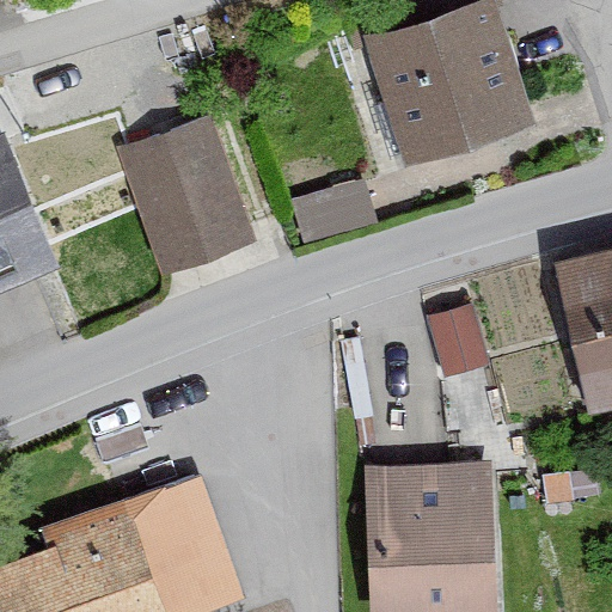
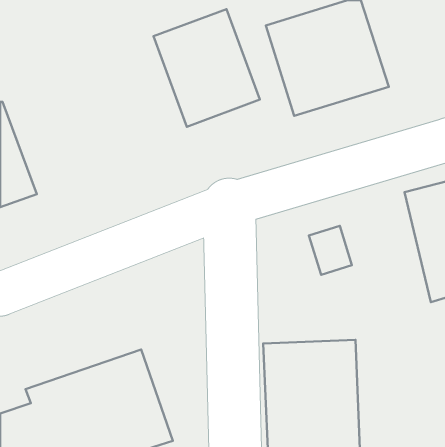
building: [116,112,261,273] -> [154,9,260,127]

